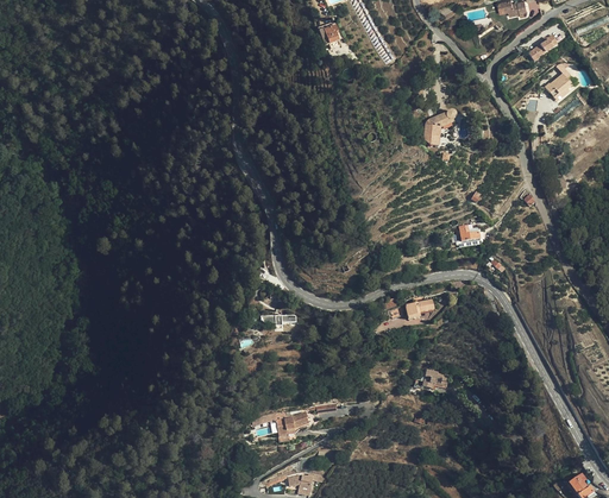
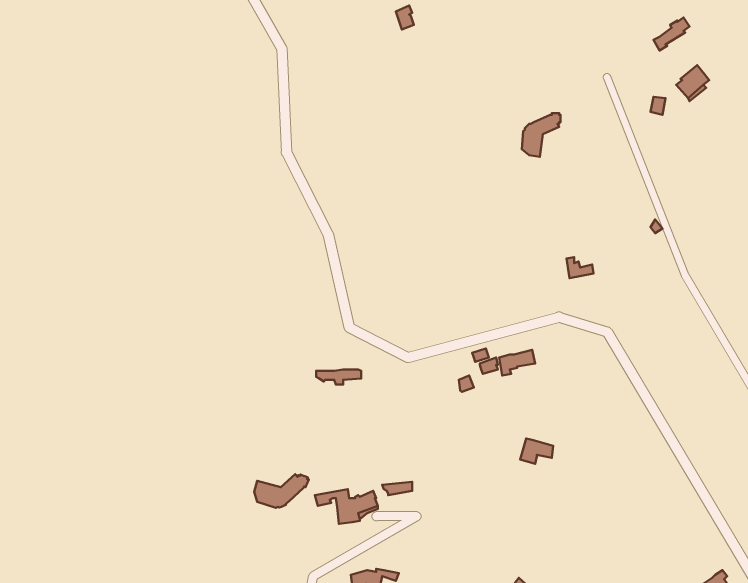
building: none -> [254,474,309,508]

